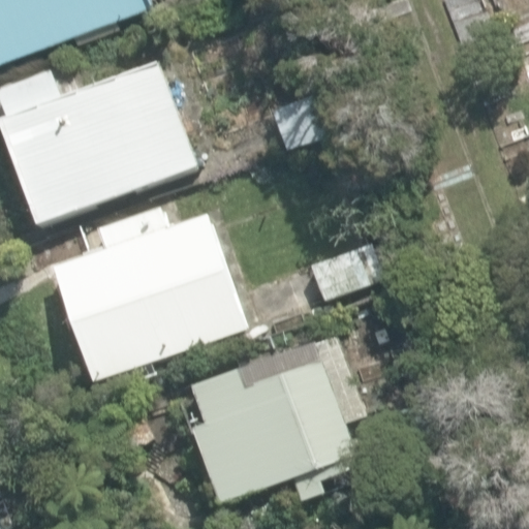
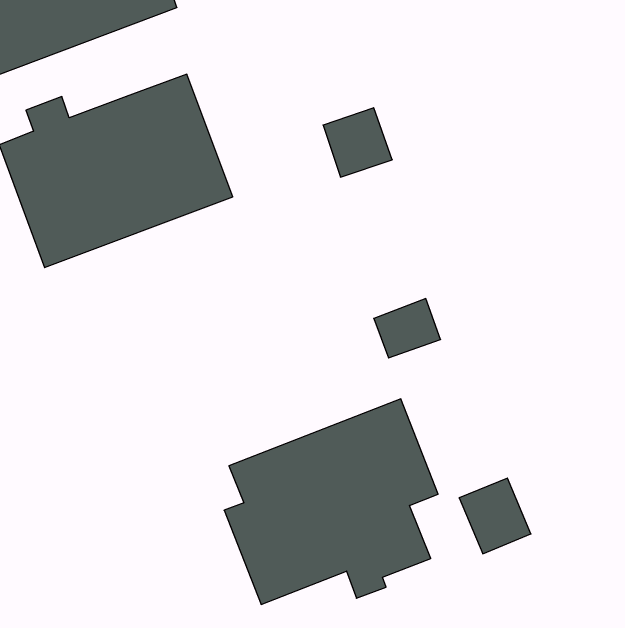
building: [55,209,246,381] -> none

